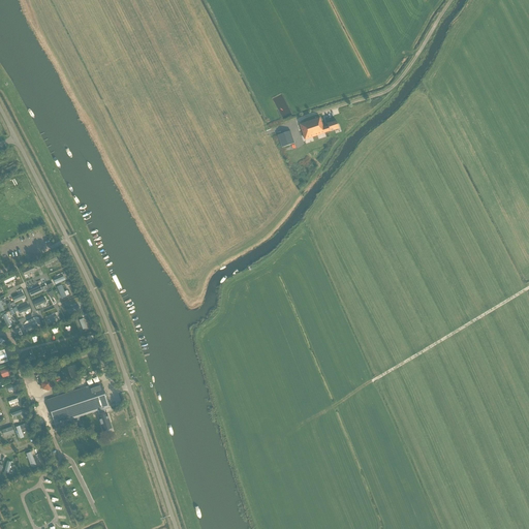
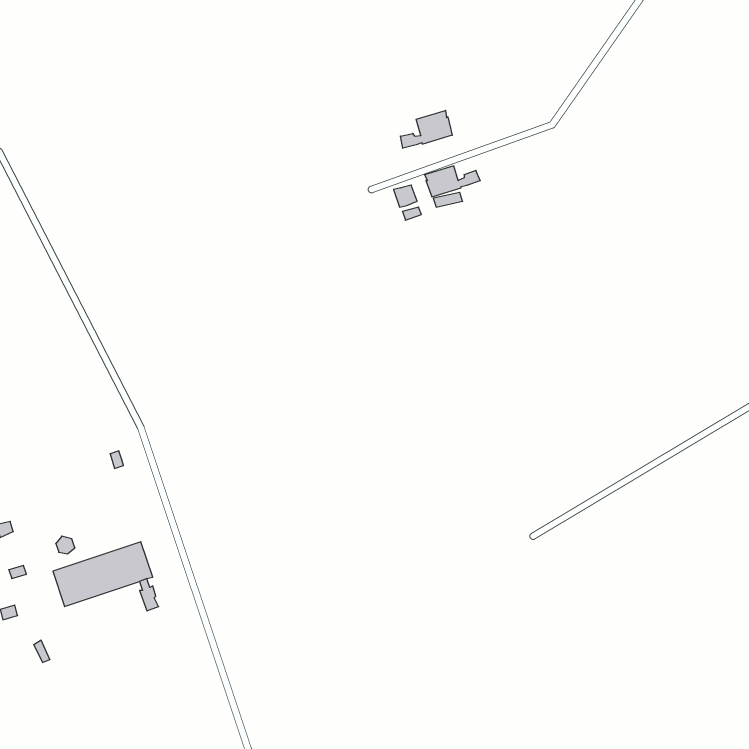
building: none -> [400,110,452,148]

